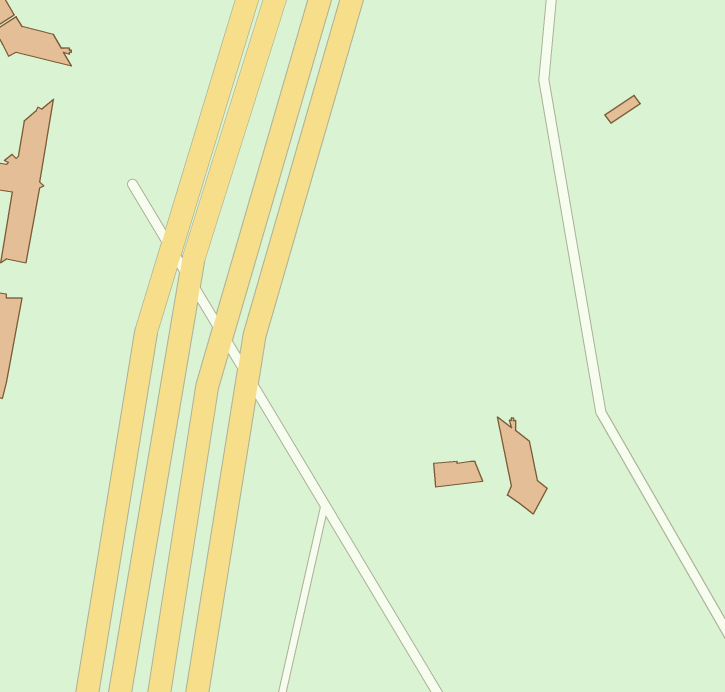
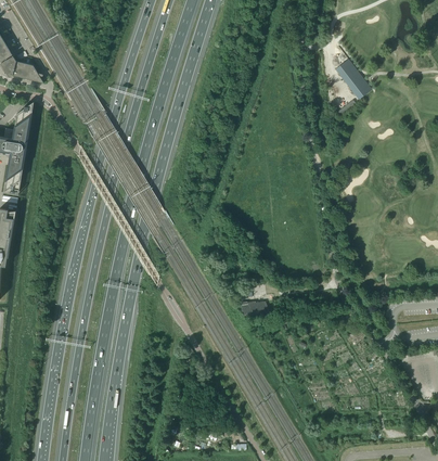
building: none -> [334,59,371,99]
building: [498,417,547,514] -> none

